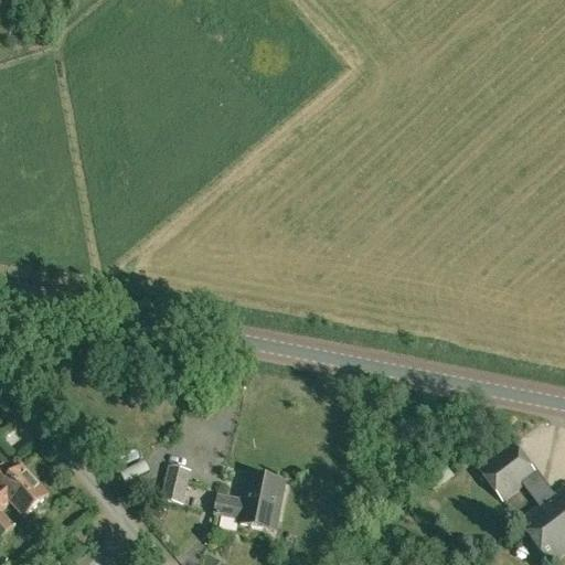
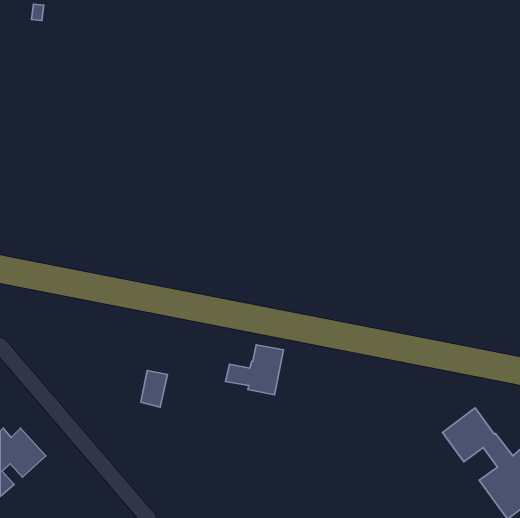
building: [163,465,192,504] -> [141,370,167,407]
building: [215,473,278,527] -> [225,345,284,395]

